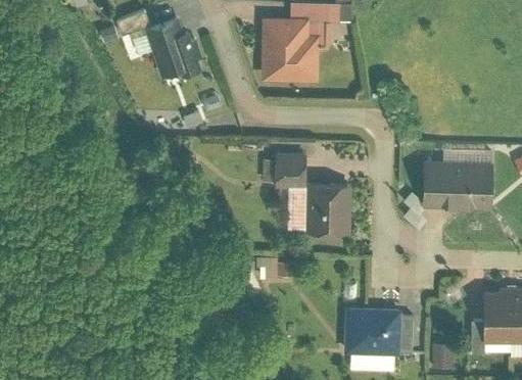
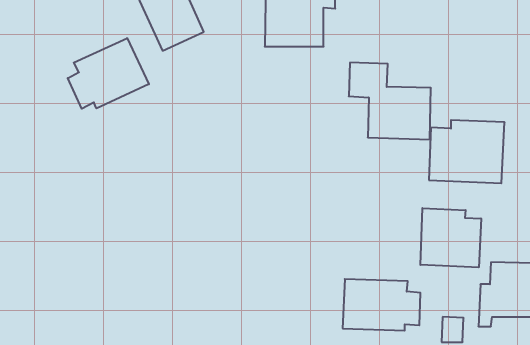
building: none -> [68,38,149,109]
building: [274,158,353,233] -> [349,63,431,139]
building: none -> [420,208,481,267]

